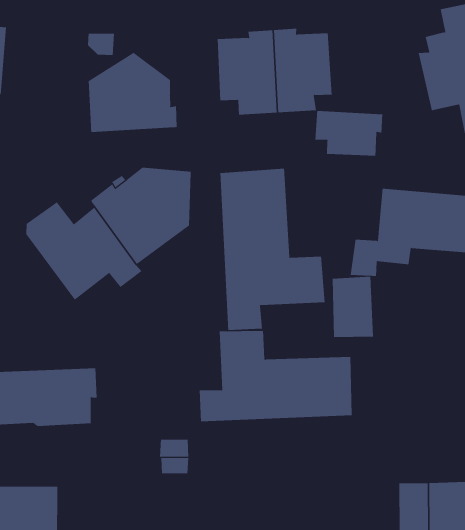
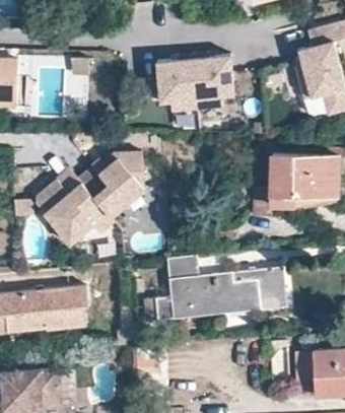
building: [88,52,177,133] -> none
building: [315,110,383,157] -> none
building: [220,168,325,331] -> none
building: [332,276,374,337] -> [258,267,288,309]

